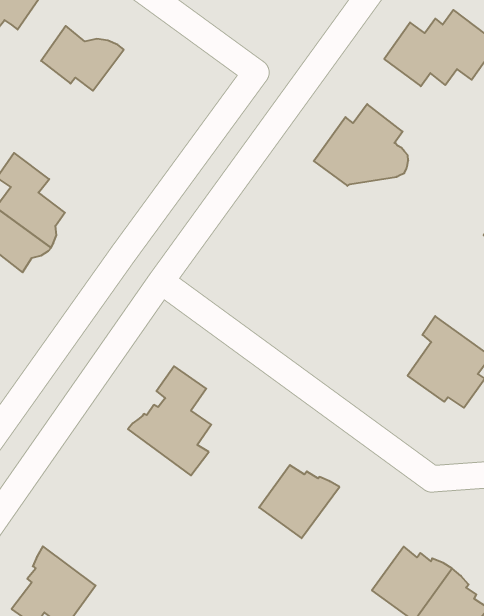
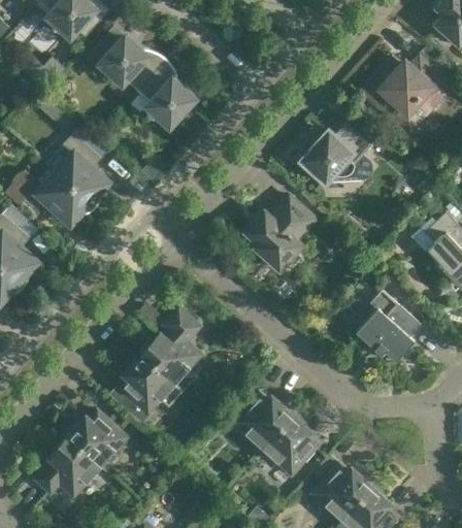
building: none -> [137,62,190,126]
building: none -> [244,196,315,271]
building: none -> [109,352,182,424]
building: none -> [261,412,318,476]
building: none -> [63,410,127,468]

